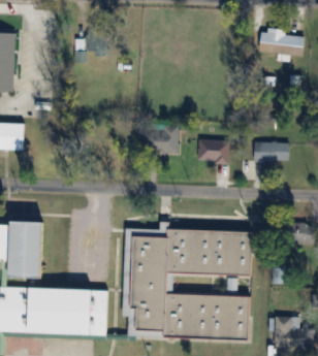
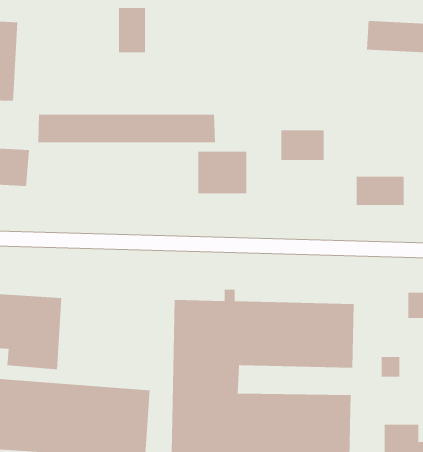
building: none -> [38,114,216,143]
building: [196,140,227,162] -> [280,130,325,161]

